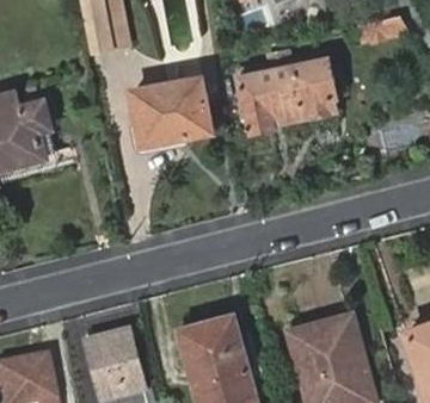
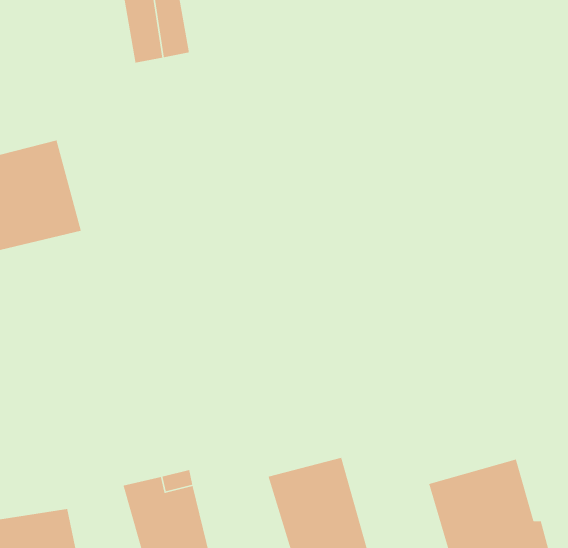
building: [236,57,336,132] -> none
building: [133,78,211,144] -> none

